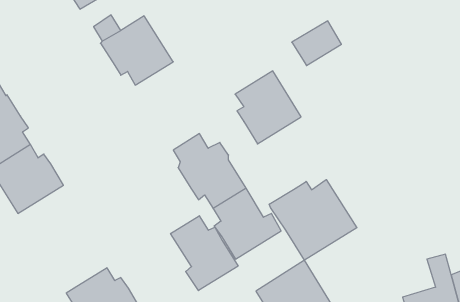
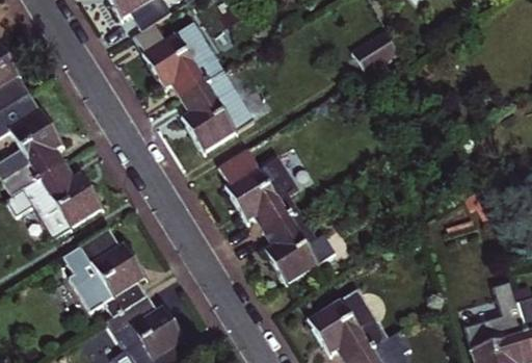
building: [235,71,301,144] -> [180,75,250,153]
building: [269,180,357,260] -> none
building: none -> [65,229,150,317]
building: [171,216,238,291] -> none

